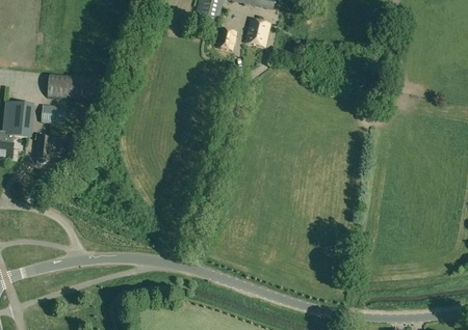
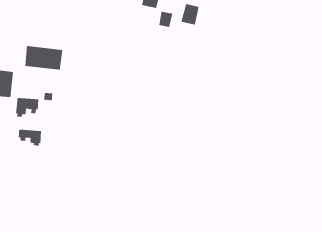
building: [41,105,66,125] -> none
building: none -> [18,129,41,146]

